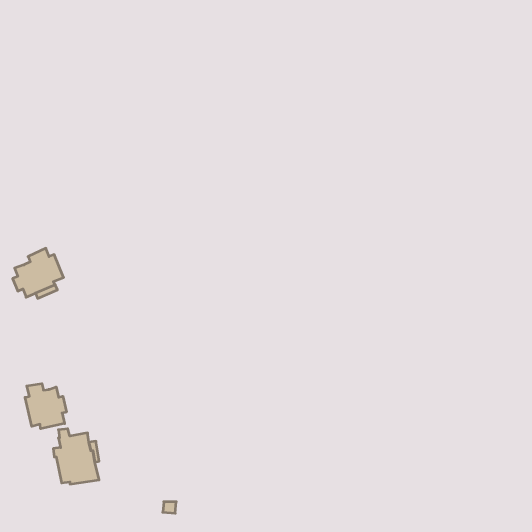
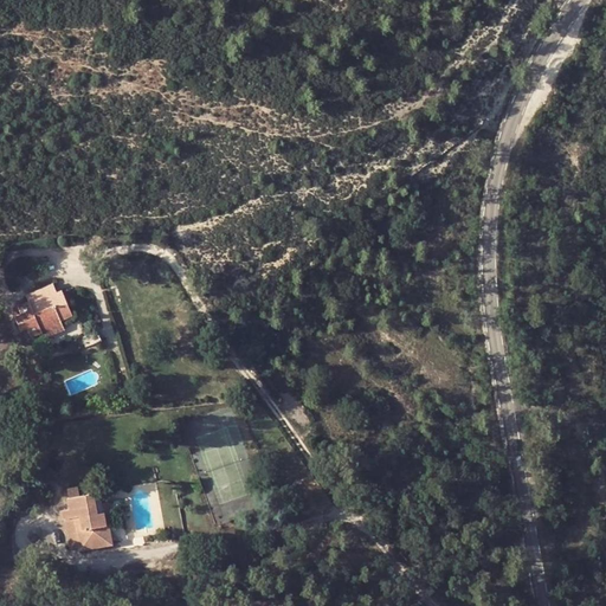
building: [25,384,66,429] -> none

